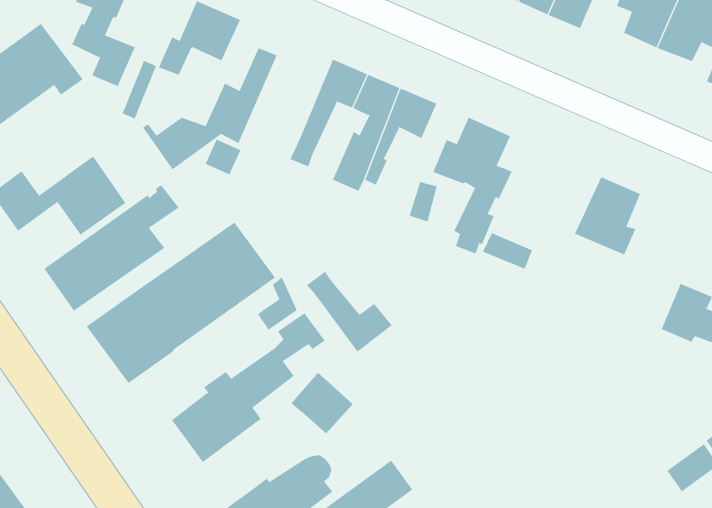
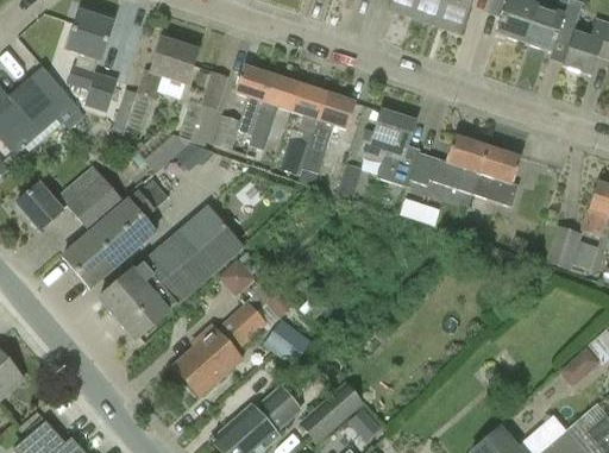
building: none -> [212,64,271,150]
building: none -> [409,136,488,193]
building: [306,271,392,352] -> none

